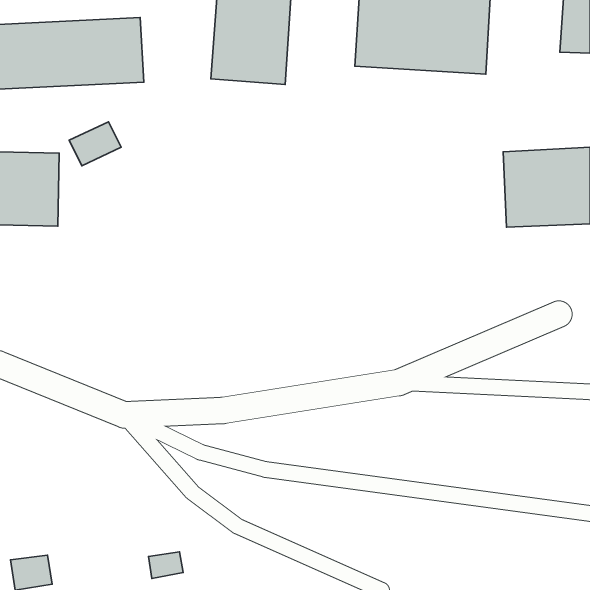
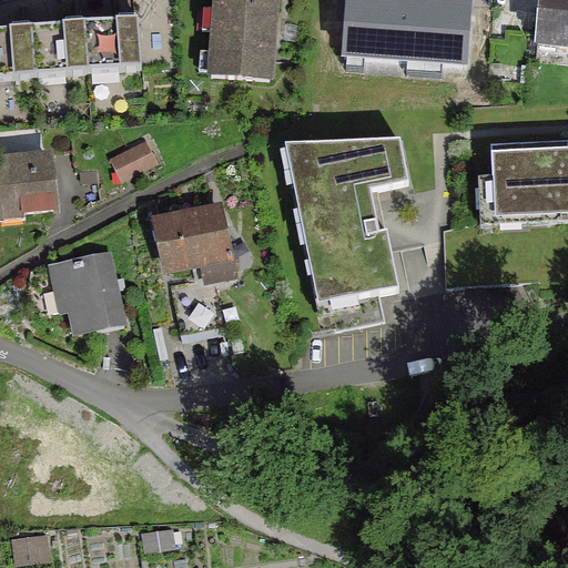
building: [69,122,121,166] -> [109,142,159,184]
building: none -> [293,134,410,298]
building: none -> [154,201,231,276]
building: none -> [49,250,126,335]

